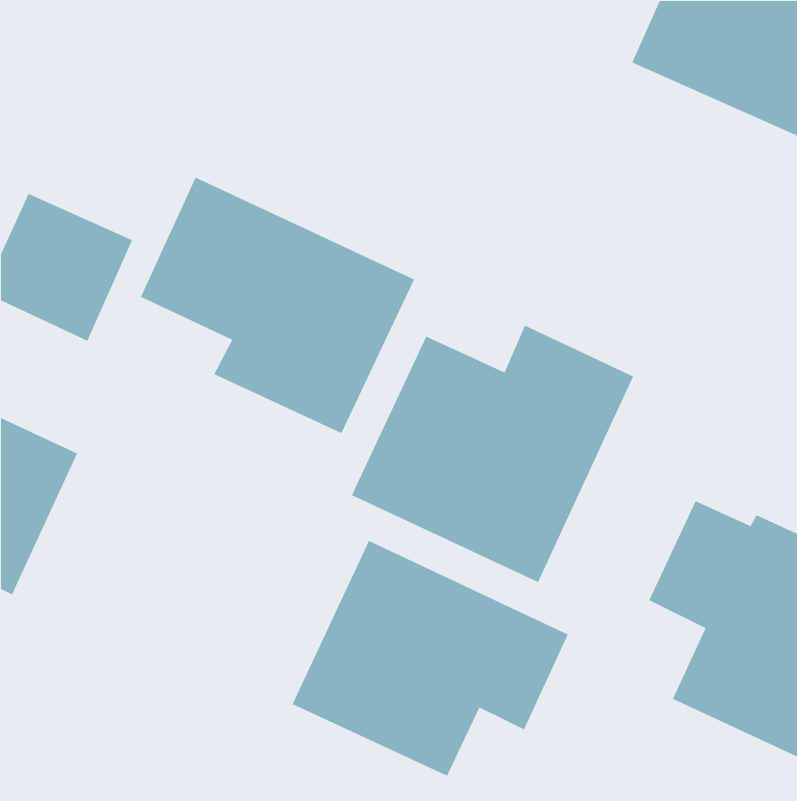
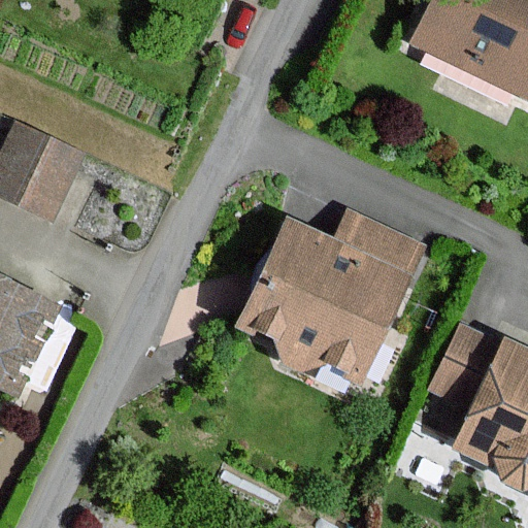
building: [140,177,415,434] -> none
building: [292,540,569,777] -> none

